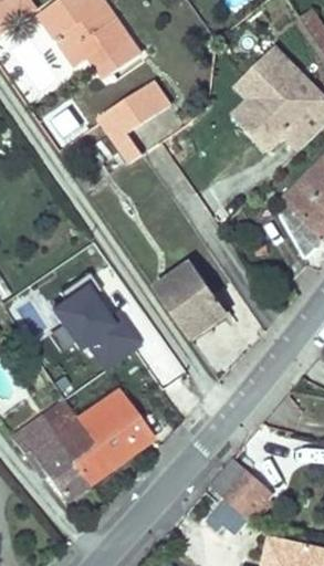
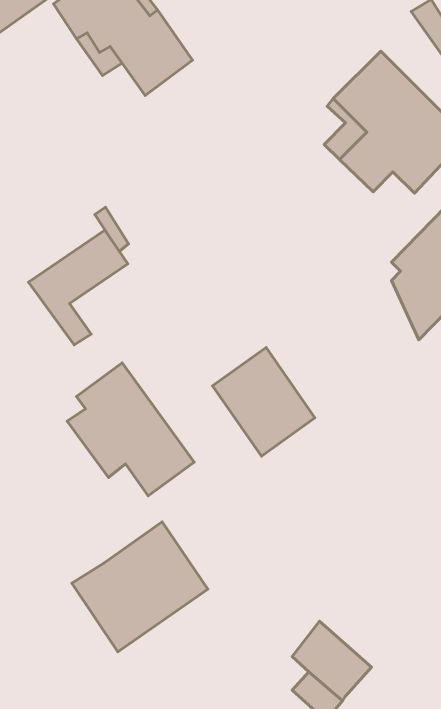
building: [97,81,169,164] -> [28,230,128,345]
building: [11,398,87,499] -> none

